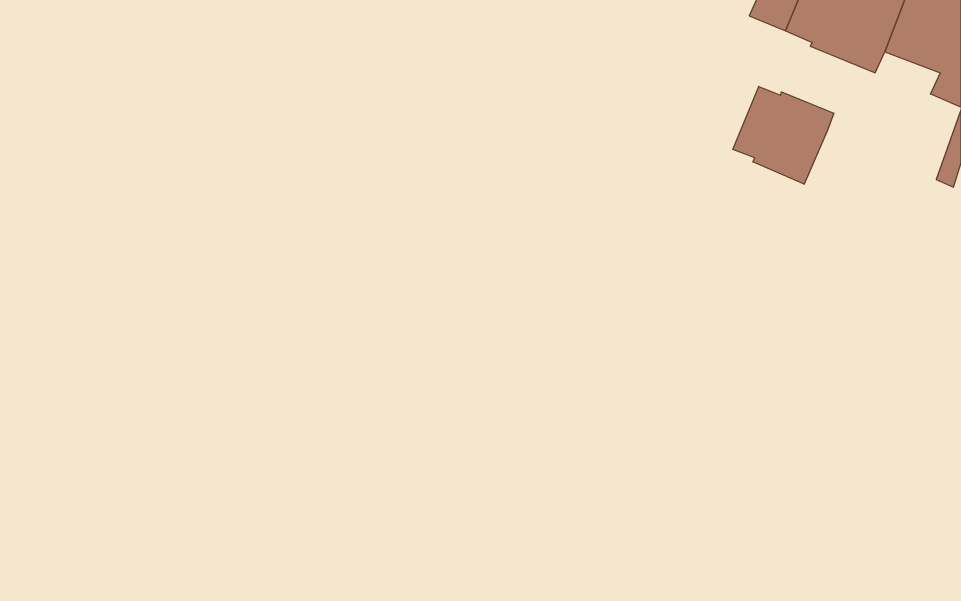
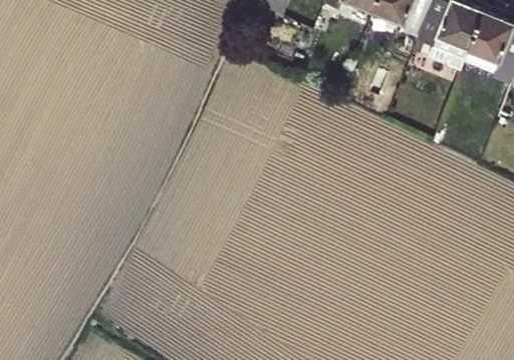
building: [733,86,834,184] -> none

